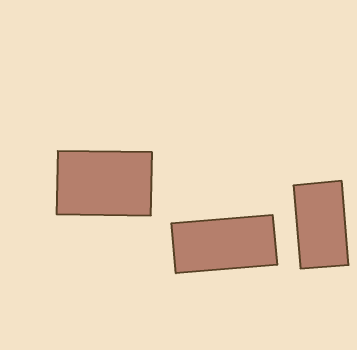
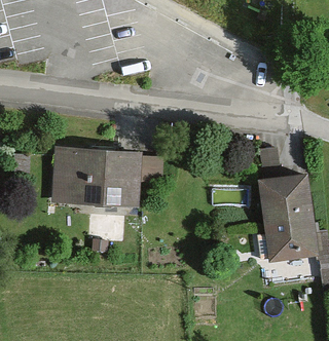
building: [171,215,277,273] -> none

